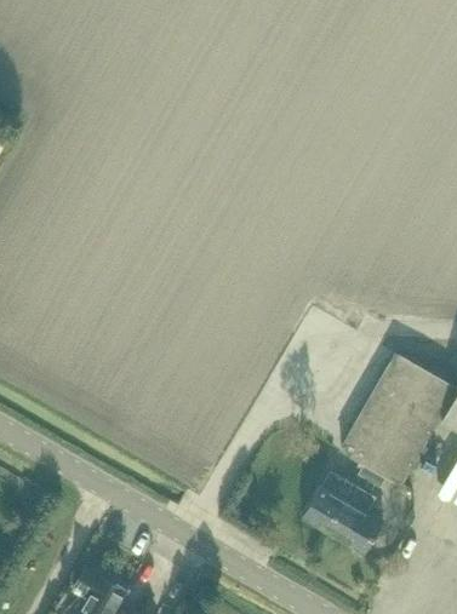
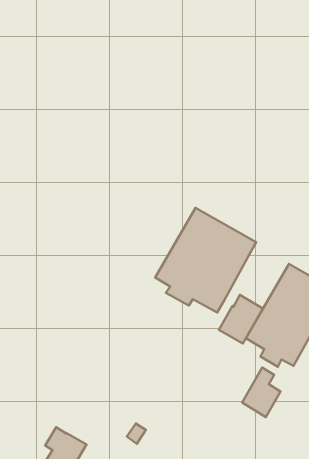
building: none -> [155,208,256,313]
building: [303,471,361,535] -> [219,295,263,343]

